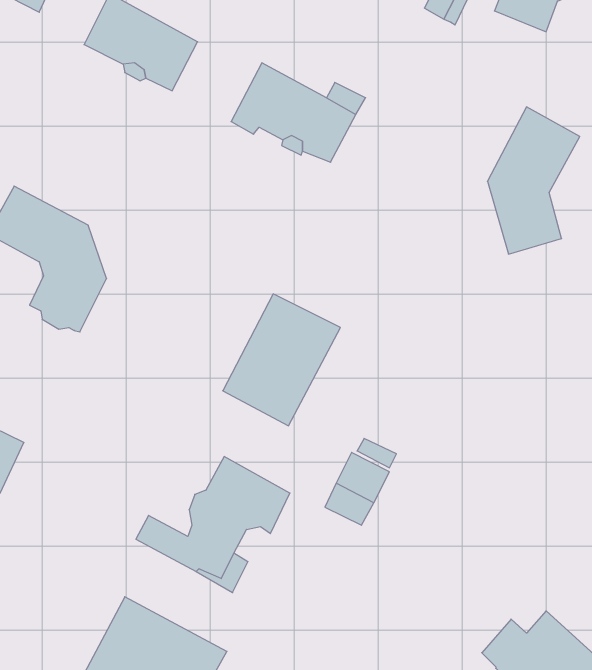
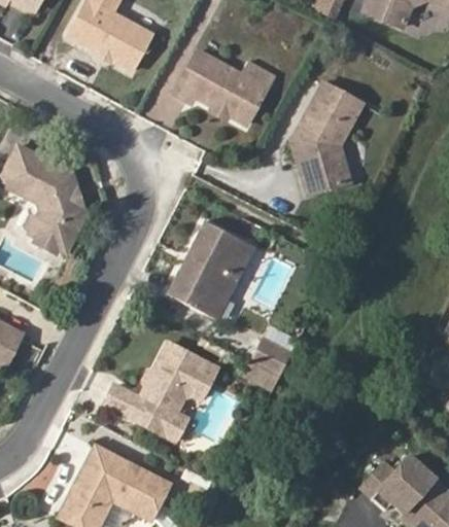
building: [487,107,580,254] -> [303,90,371,198]

